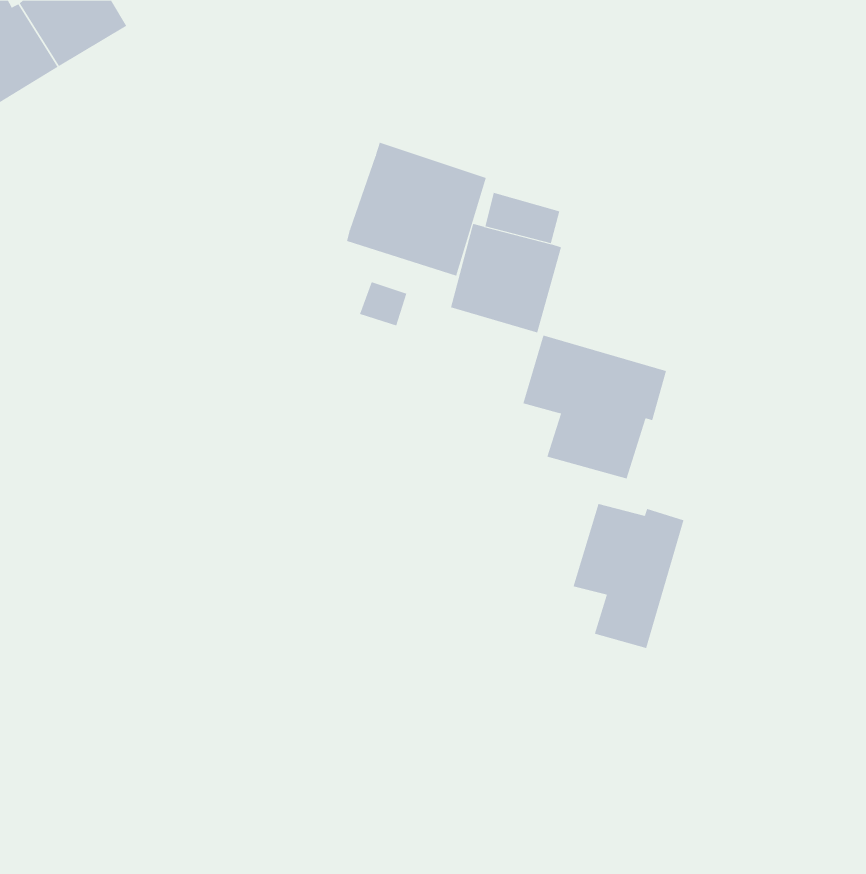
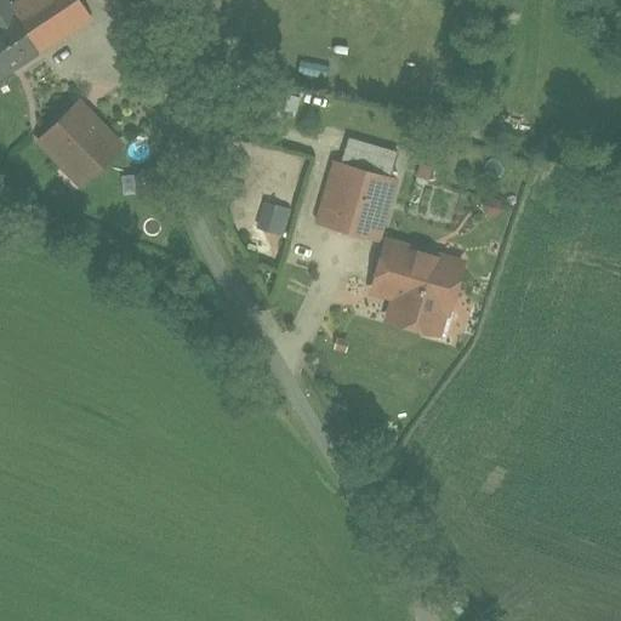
building: none -> [36,101,123,187]
building: [347,142,486,276] -> none
building: [573,503,684,649] -> none

